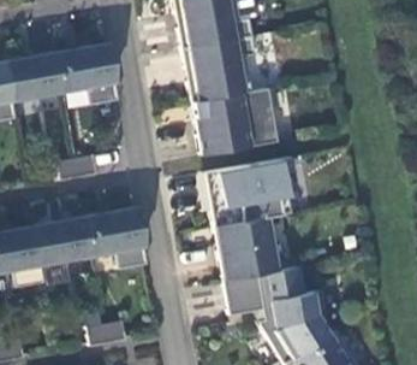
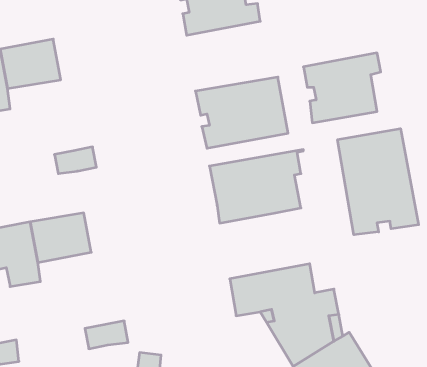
building: [184,35,257,101] -> [303,53,381,123]
building: [58,42,119,105] -> none
building: none -> [338,129,419,235]
building: [87,207,149,269] -> none
building: [215,217,278,278] -> none

